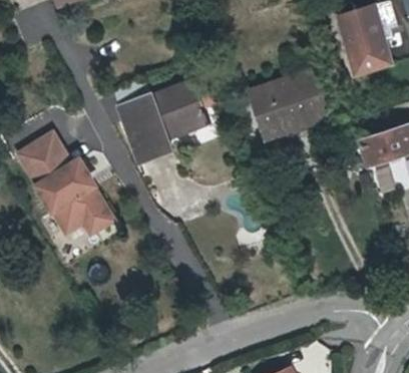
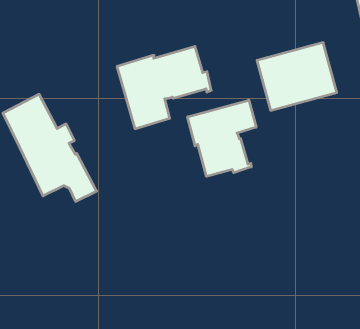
building: none -> [188,100,256,176]

